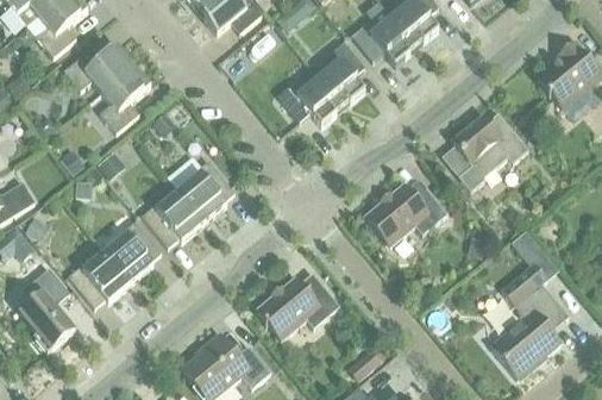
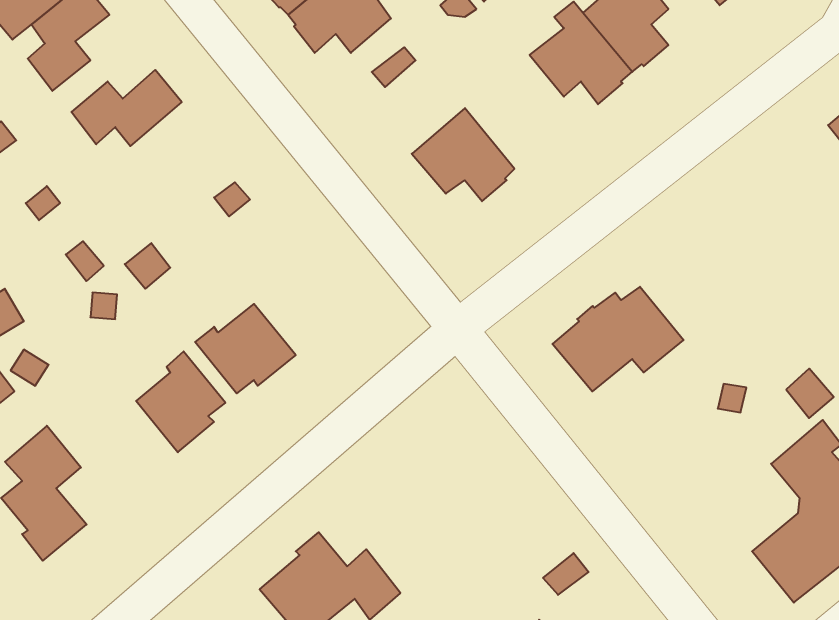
building: [309,42,364,106] -> none
building: [98,64,150,132] -> none
building: [451,112,527,190] -> none
building: [177,160,233,223] -> none
building: [67,251,130,307] -> none
building: [256,271,339,339] -> none

